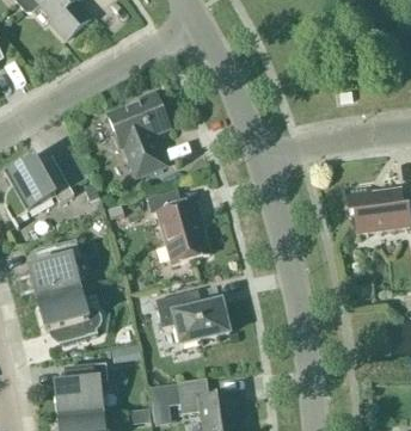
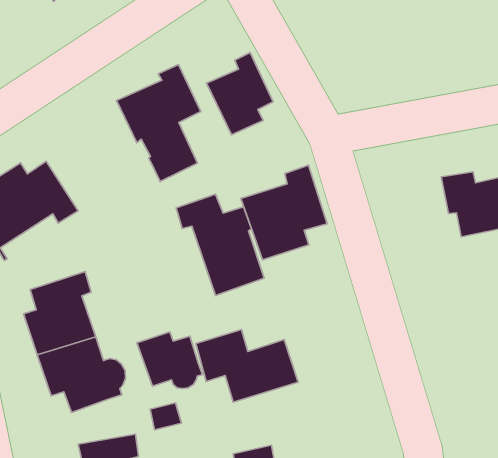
building: none -> [207,53,273,135]
building: none -> [241,165,327,260]
building: none -> [137,332,202,389]

